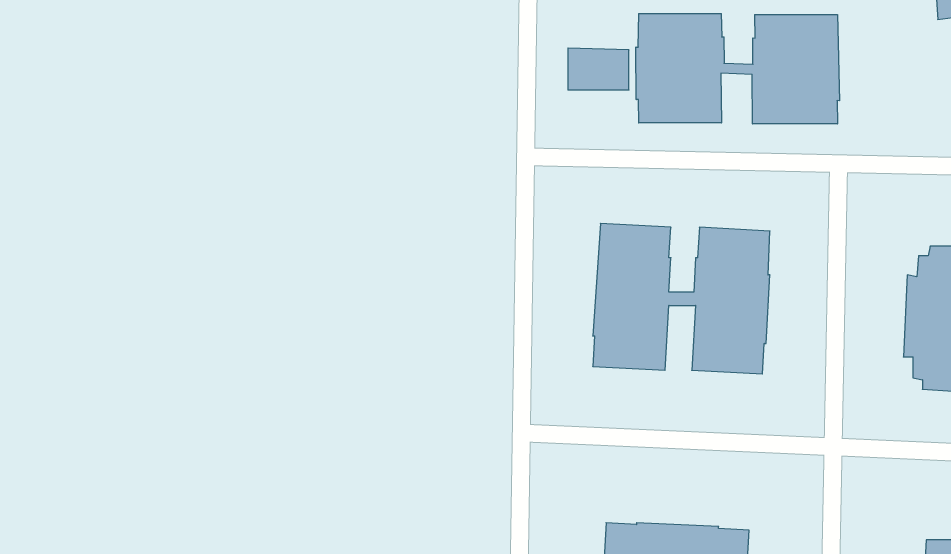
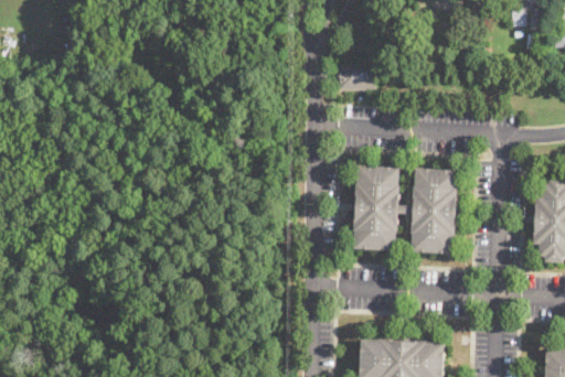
building: [636,14,839,124] -> none

